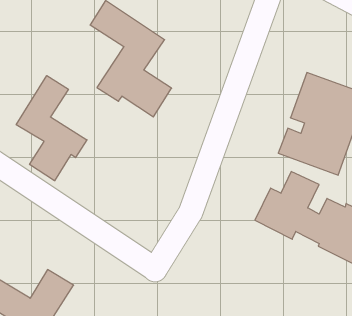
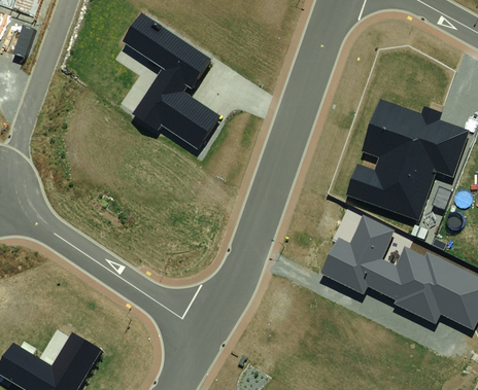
building: [16,76,87,181] -> none

